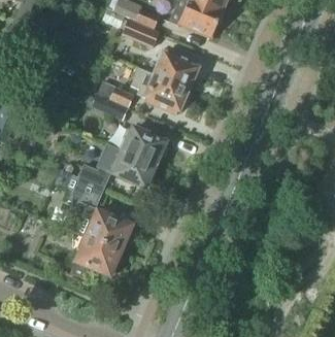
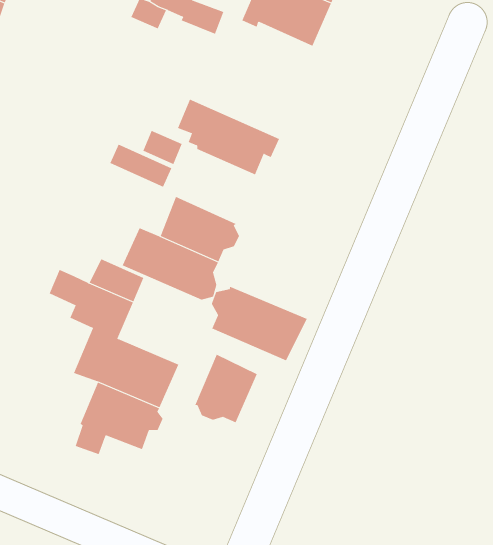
building: [121,19,160,47] -> none
building: [138,48,198,91] -> none
building: none -> [211,286,307,361]
building: none -> [195,354,258,423]

